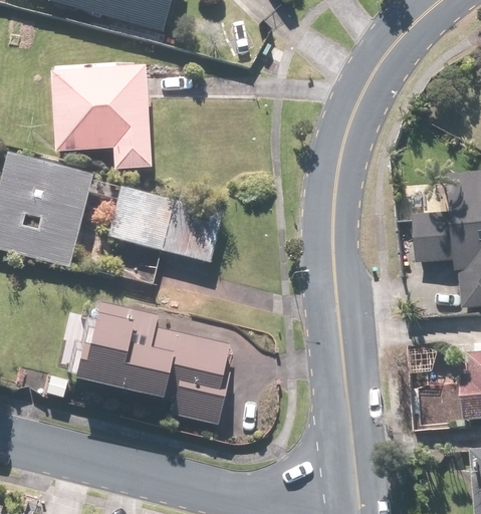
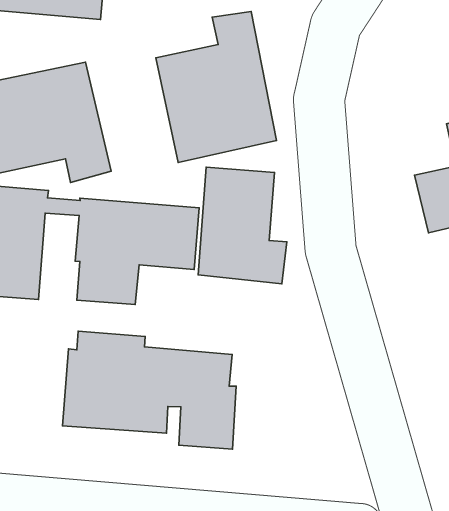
building: none -> [156,12,277,162]
building: none -> [198,167,287,284]

